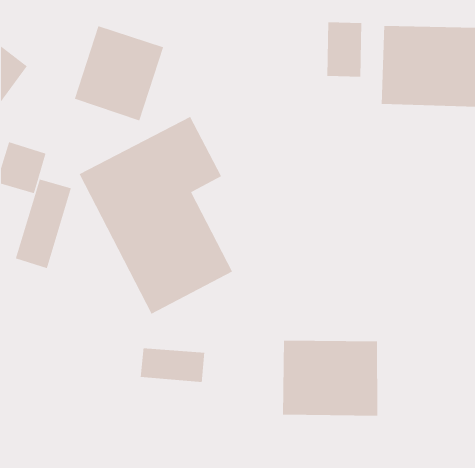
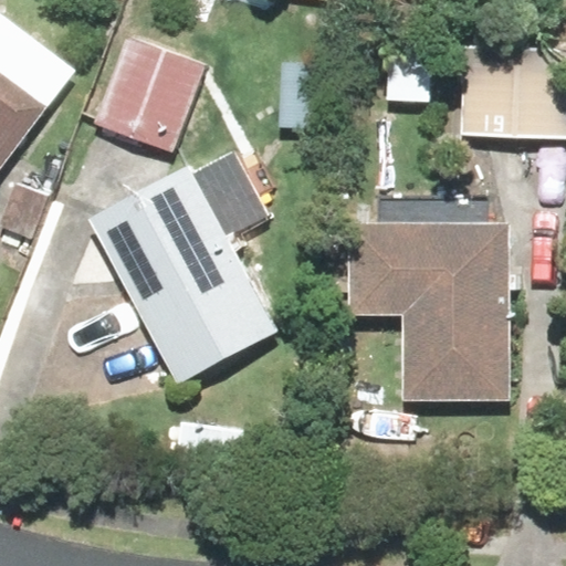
building: none -> [352,221,509,401]
building: [282,340,378,417] -> none

